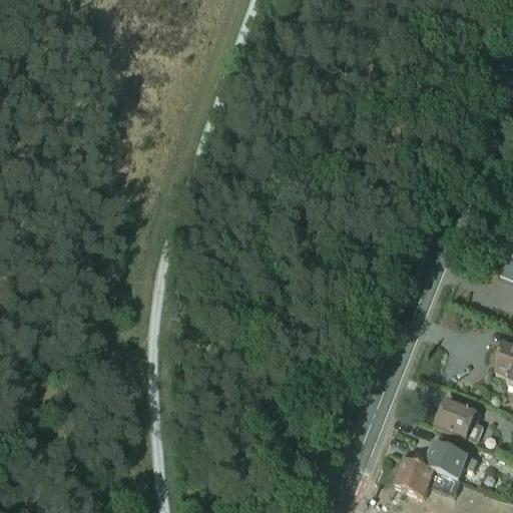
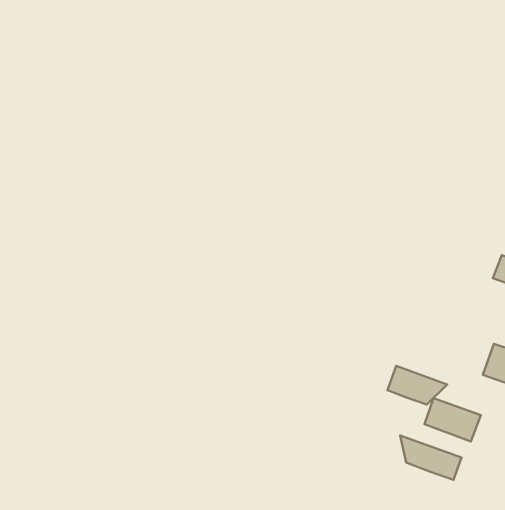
building: none -> [387,366,447,404]
building: [404,460,438,499] -> none

